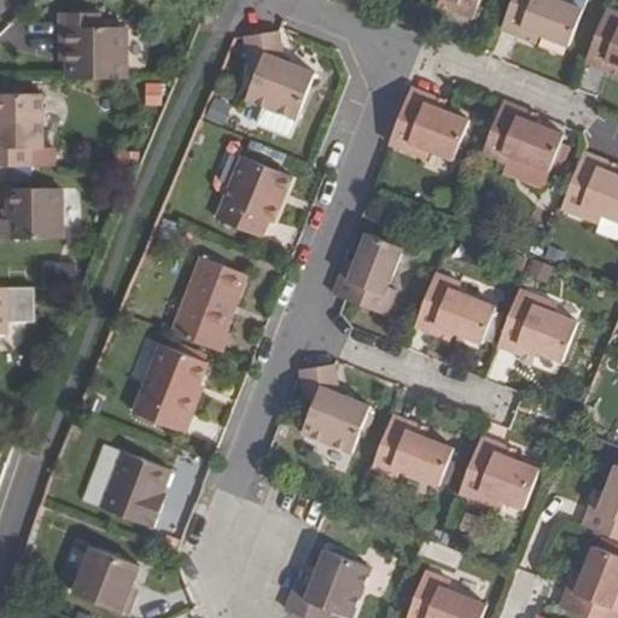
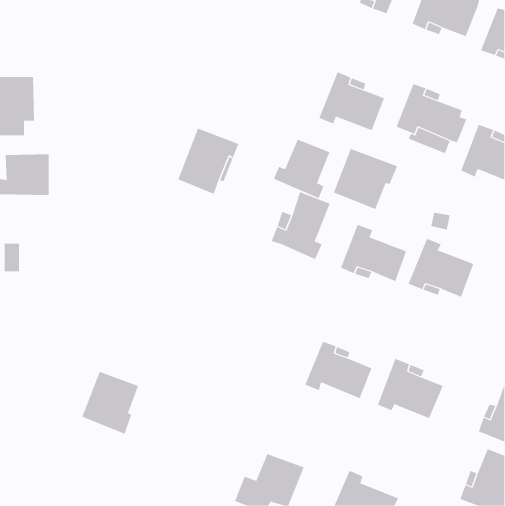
building: [57,12,126,78] -> none
building: [243,30,314,119] -> none
building: none -> [273,139,330,199]
building: none -> [333,148,398,210]
building: [170,256,249,352] -> none
building: [133,344,206,433] -> none
building: [301,365,369,453] -> none
building: [75,541,141,608] -> none

